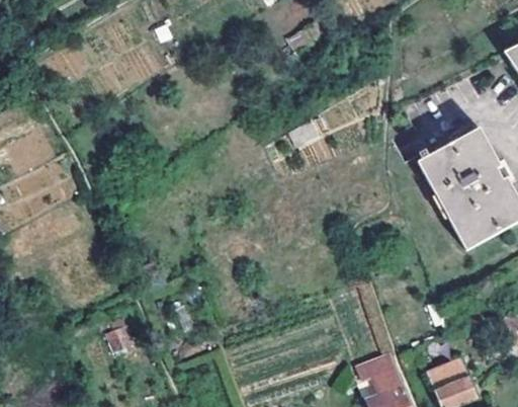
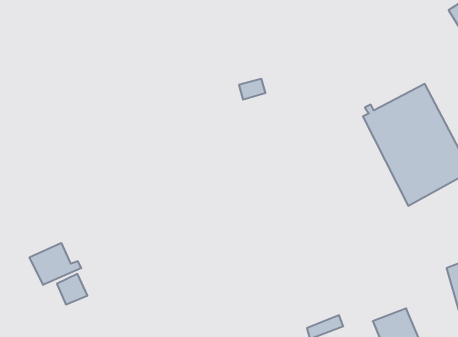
building: none -> [30,243,81,285]

